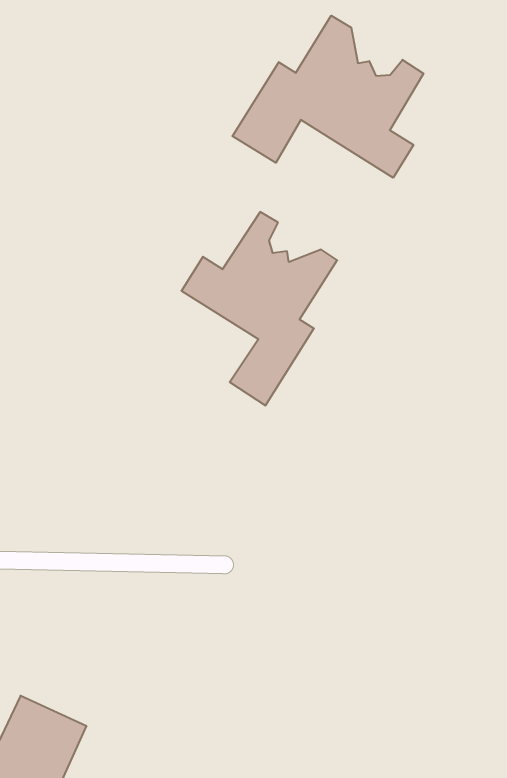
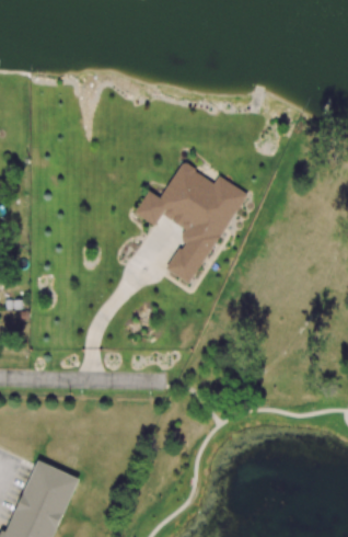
building: [232,16,423,178] -> none

